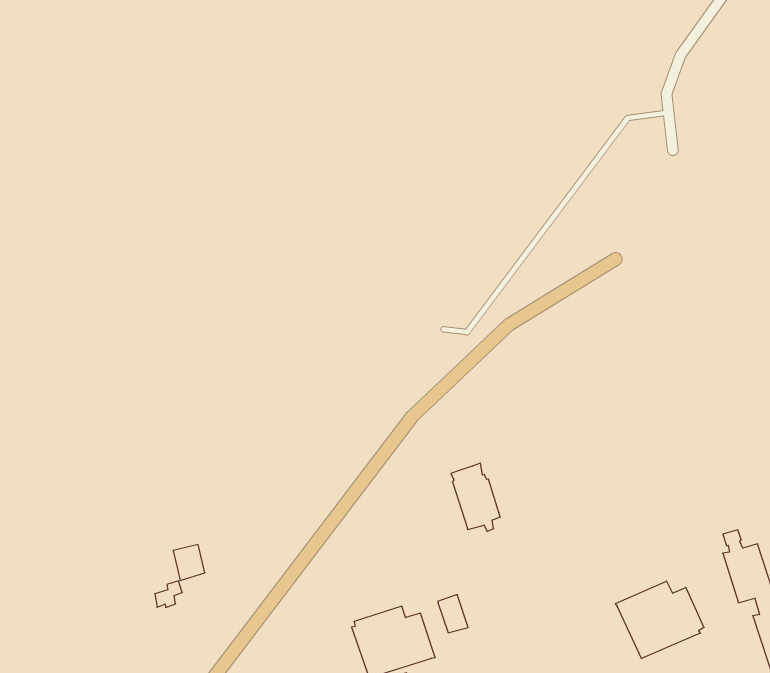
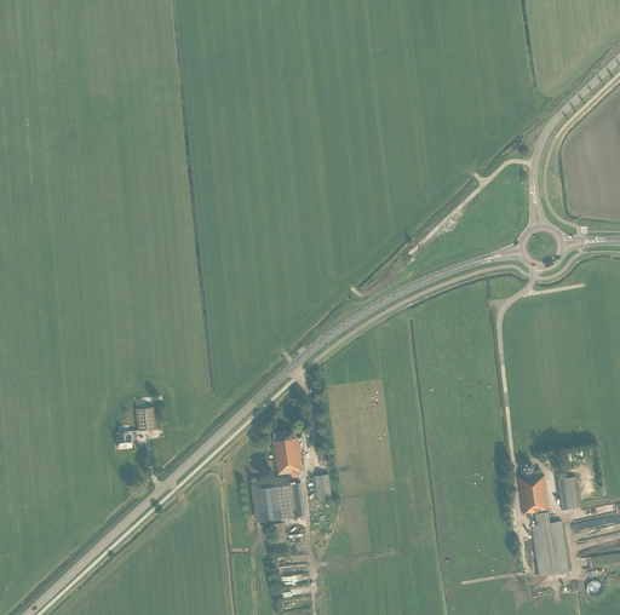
building: [451,463,500,531] -> [274,430,303,478]
building: [615,581,704,659] -> none

